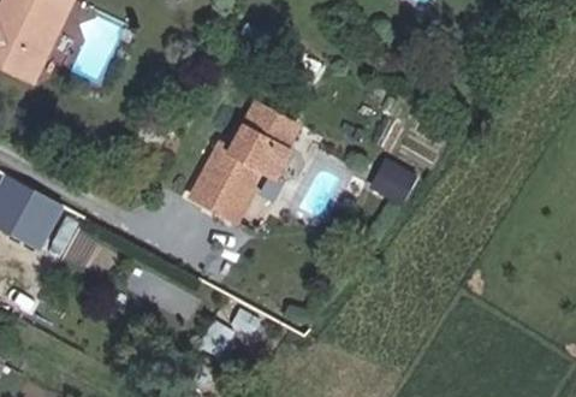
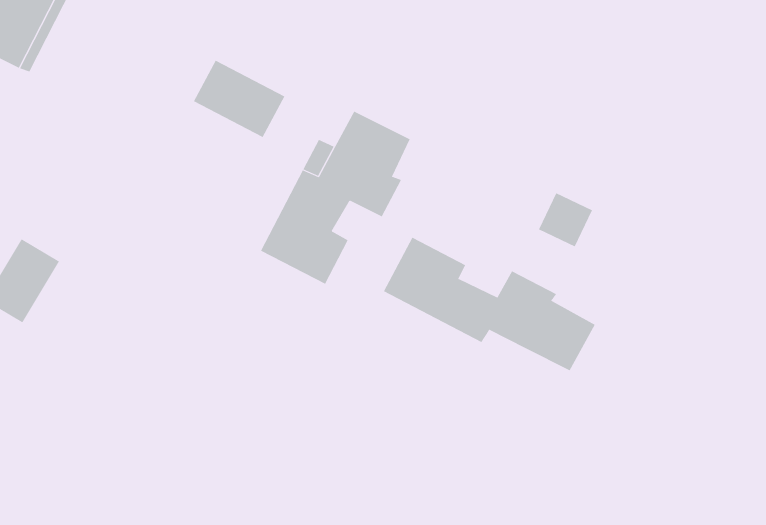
building: none -> [193,60,285,138]
building: none -> [383,237,596,371]

